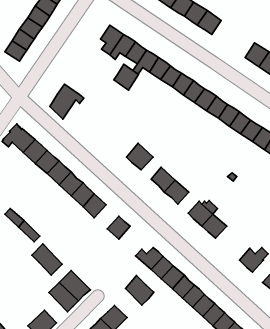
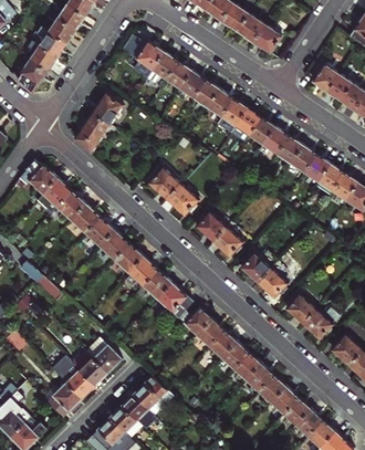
building: [114,64,139,90] -> [92,93,122,124]
building: none -> [147,167,180,199]
building: none -> [127,257,157,285]
building: none -> [285,293,314,323]
building: [32,244,62,275] -> [59,360,95,398]
building: [125,276,154,305] -> [157,282,191,317]

